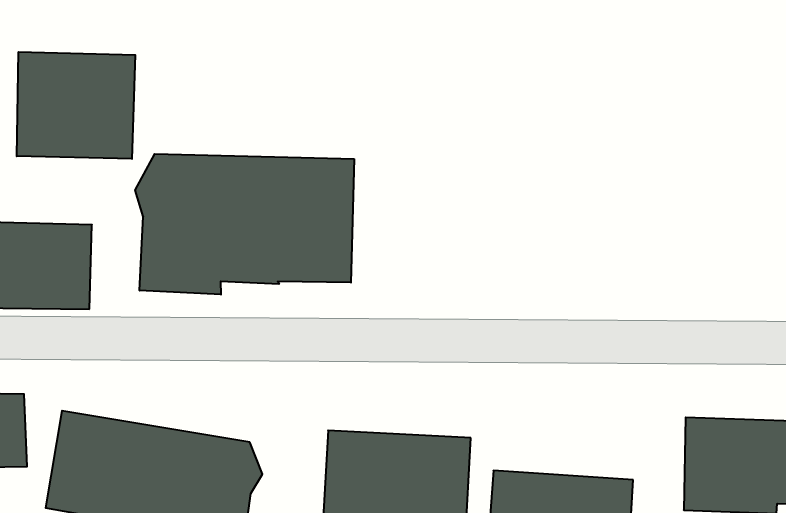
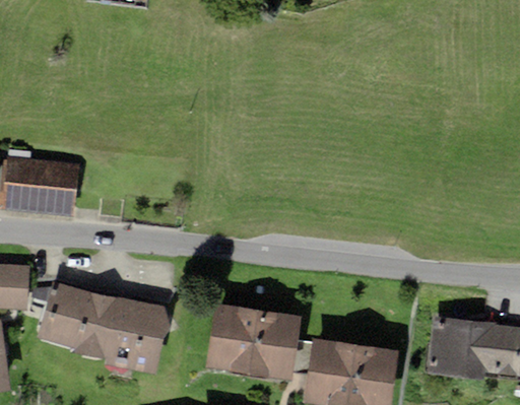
building: [17,52,135,159] -> none
building: [135,154,354,295] -> none

